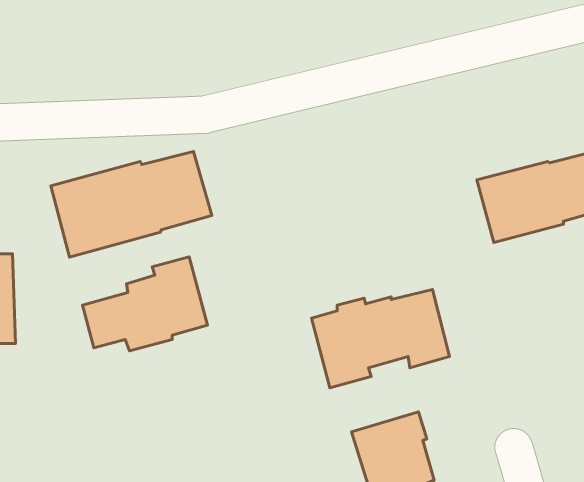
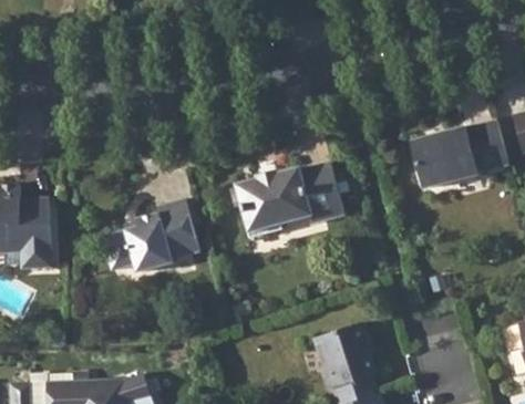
building: [51,151,212,257] -> none
building: [311,290,450,388] -> [238,164,346,240]

